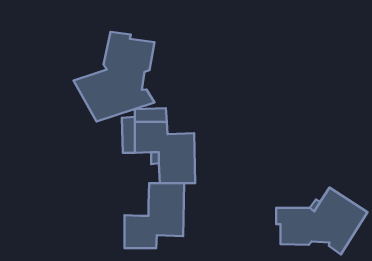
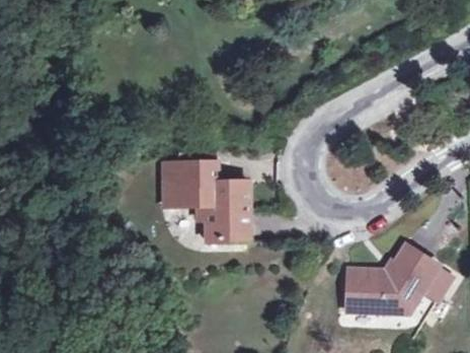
building: [74,32,154,122] -> none
building: [125,183,184,248] -> none

